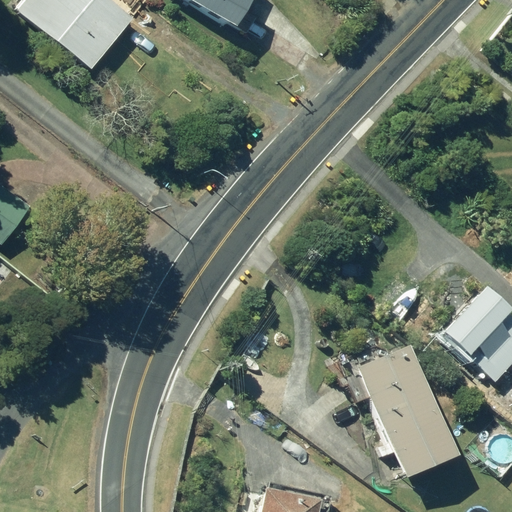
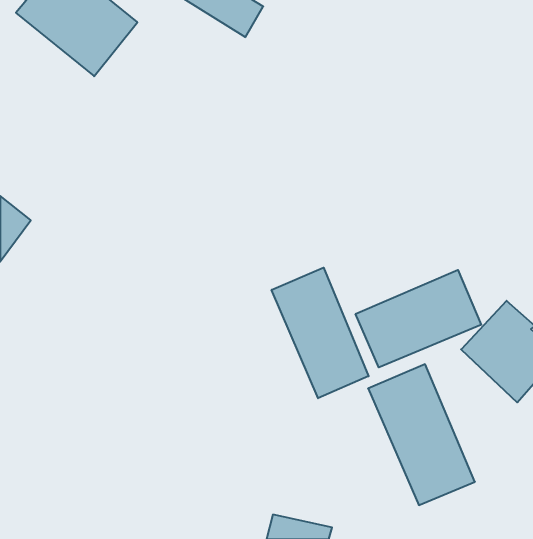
building: none -> [272,268,369,398]
building: none -> [356,270,481,367]

